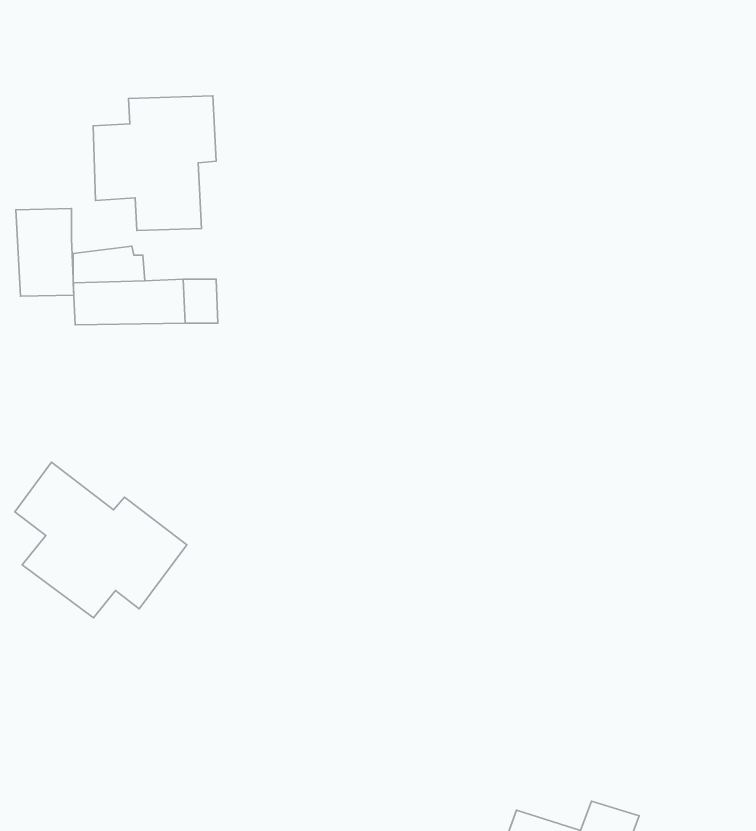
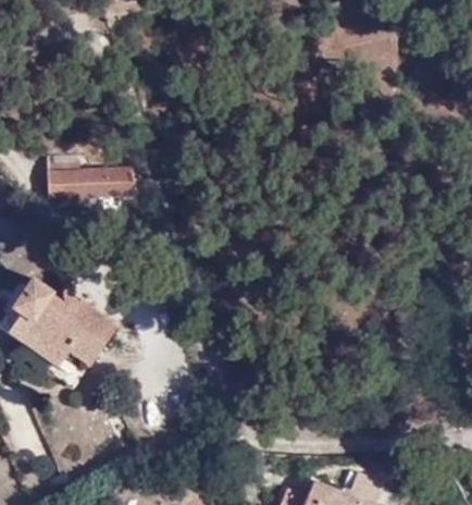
building: [93,96,216,231] -> none
building: [16,209,74,296] -> none

